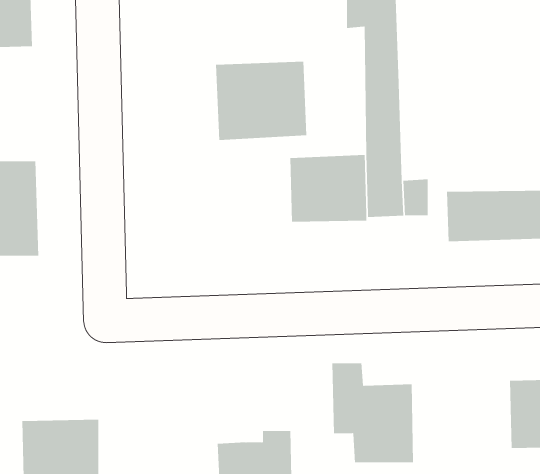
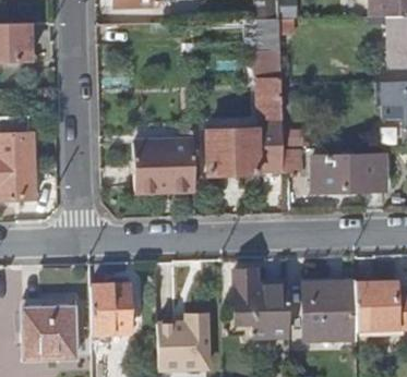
building: [215,61,307,140] -> [131,137,193,191]
building: none -> [302,282,356,340]
building: none -> [92,284,131,332]

